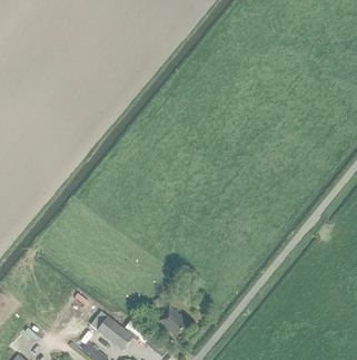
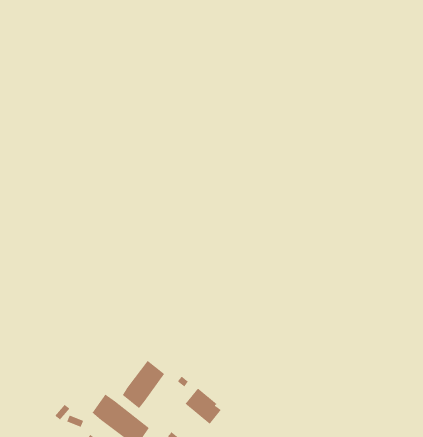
building: none -> [122,360,165,409]

